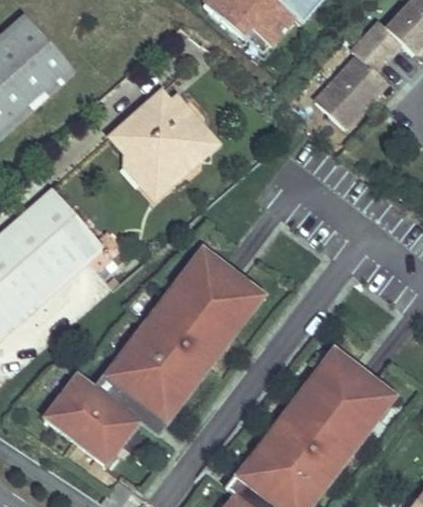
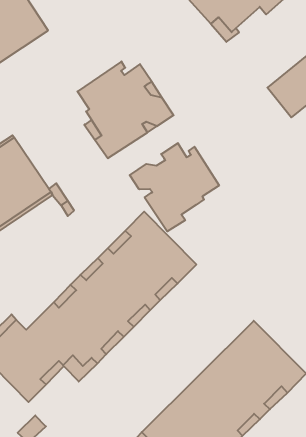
building: none -> [130,143,219,231]

